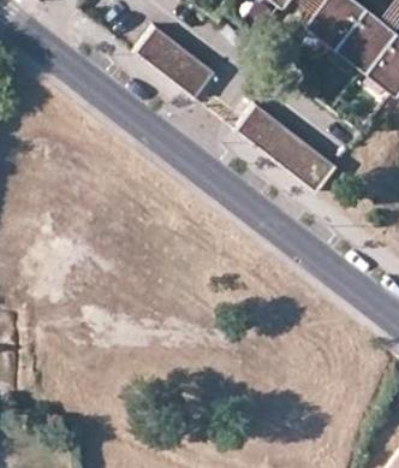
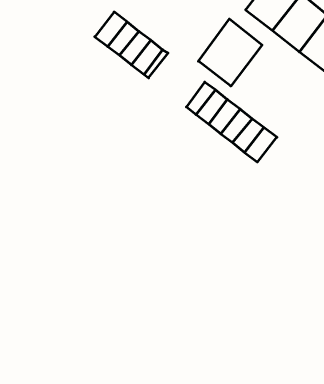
building: none -> [198,19,262,86]

